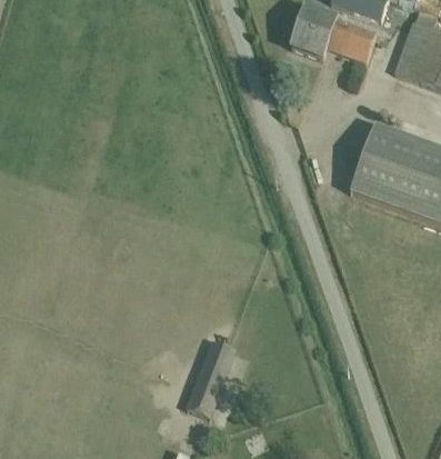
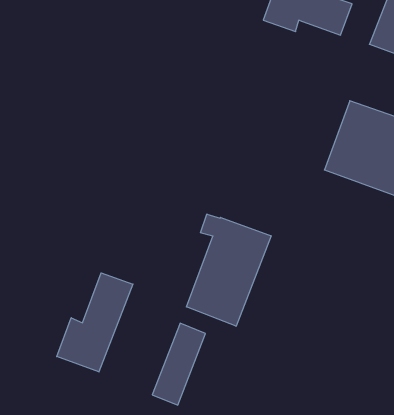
building: none -> [186,214,271,326]
building: none -> [57,273,133,372]

